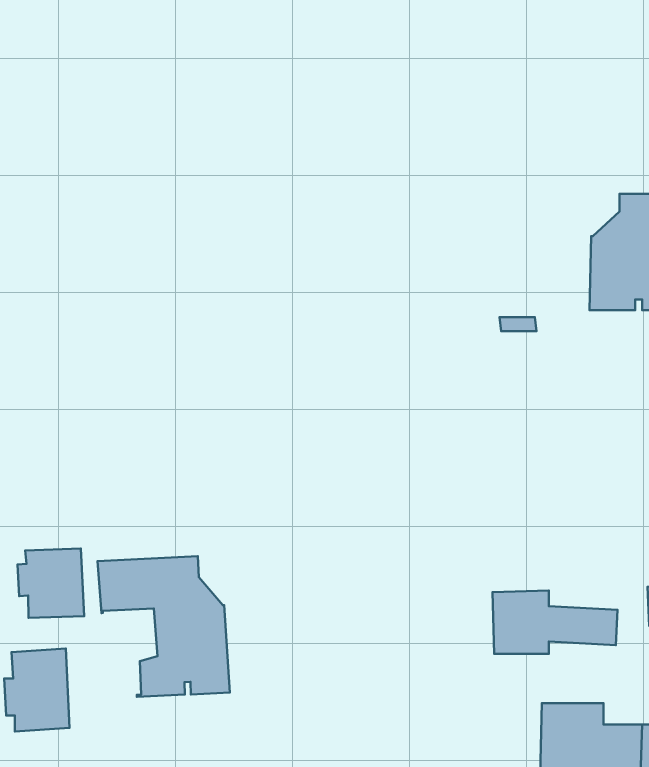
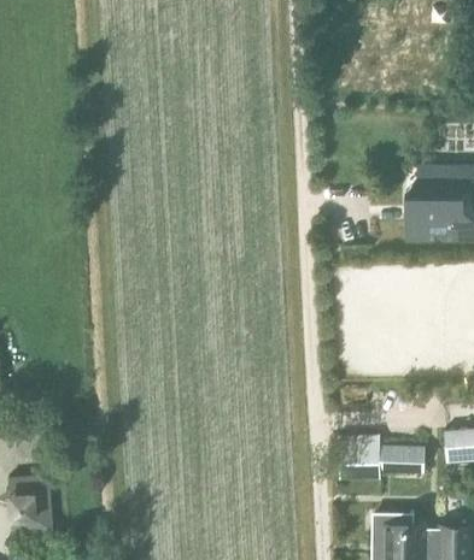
building: [18,549,84,618] -> none
building: [97,556,230,697] -> none

